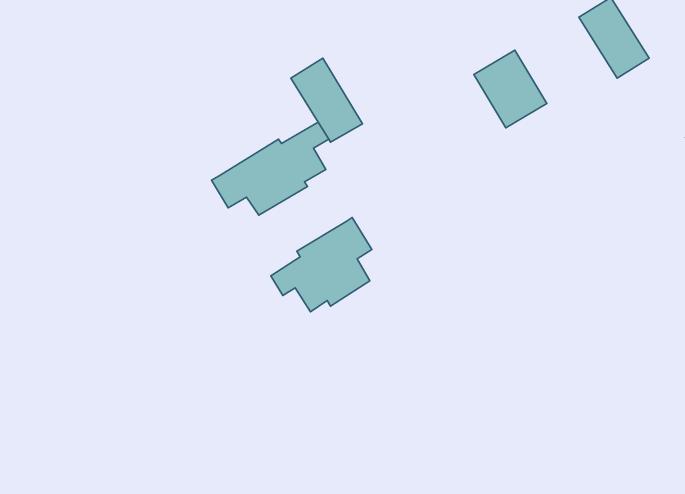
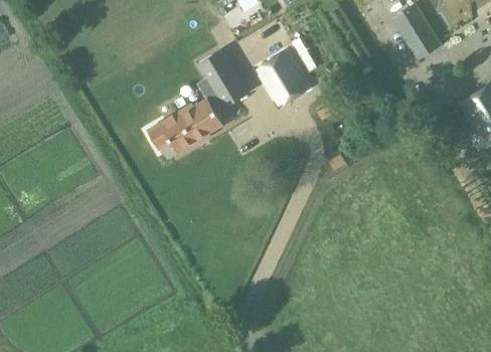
building: [474,50,547,128] -> [262,50,310,102]
building: [271,218,372,312] -> none

